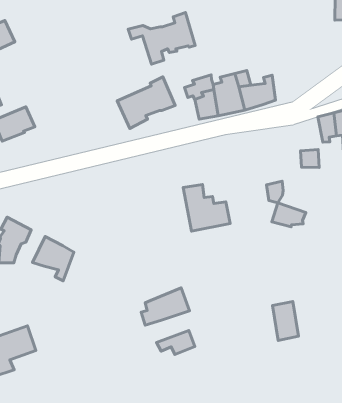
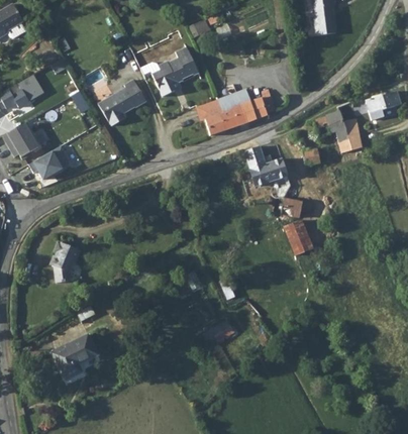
building: [117,77,175,129] -> [97,79,147,127]
building: [183,184,230,231] -> [244,145,289,187]
building: [33,236,74,281] -> none
building: [141,288,190,325] -> none
building: [272,301,299,340] -> [286,222,312,257]

